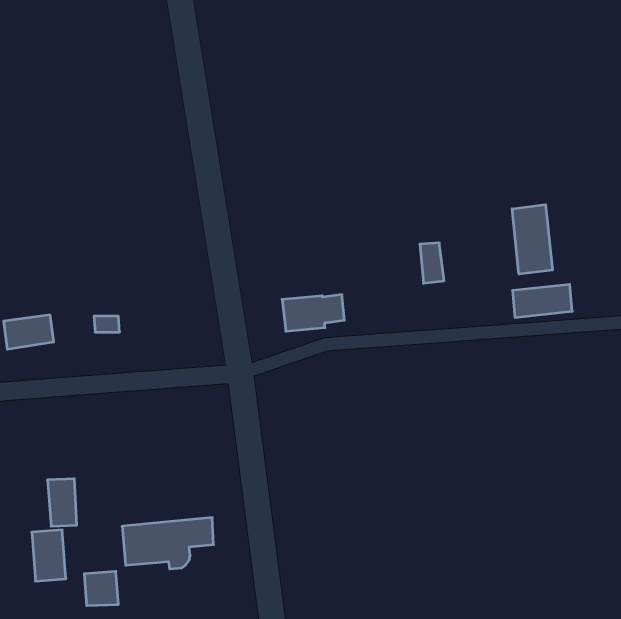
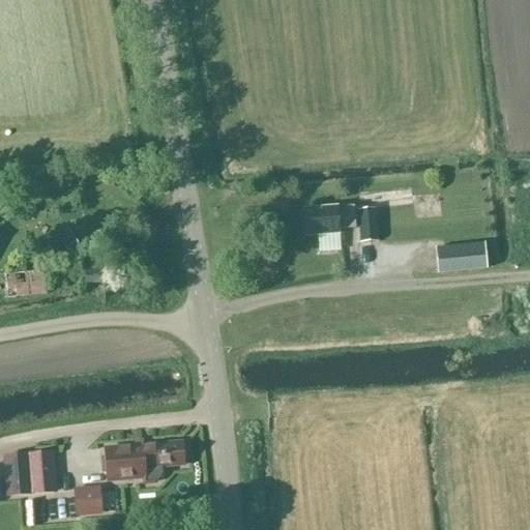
building: [512,205,552,274] -> none
building: [282,295,344,331] -> [303,203,356,234]
building: [47,479,77,526] -> [6,451,31,492]

